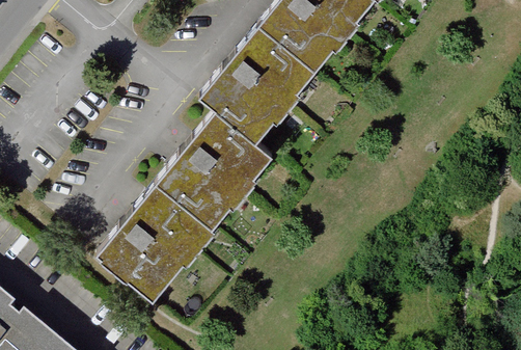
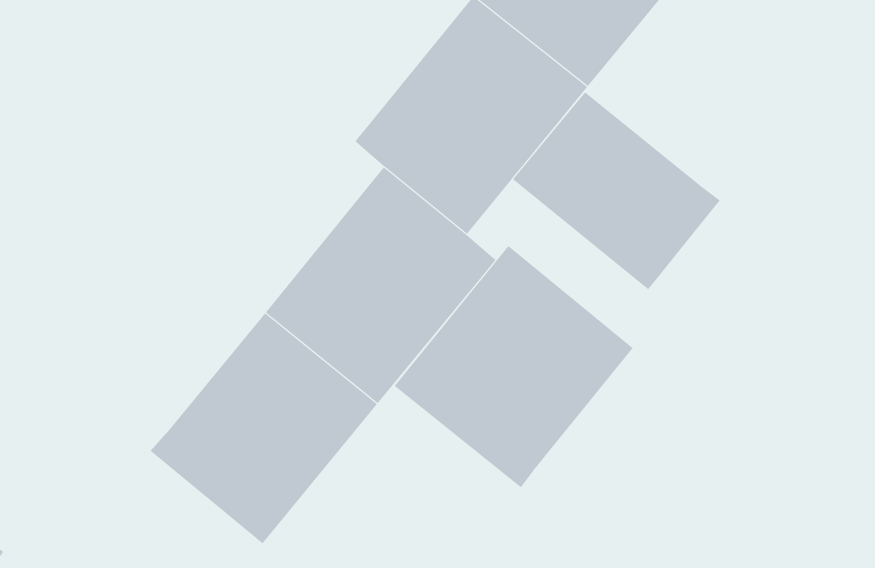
building: none -> [512,91,720,290]
building: none -> [394,245,633,488]

